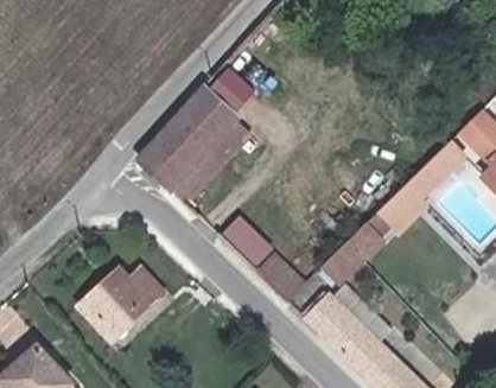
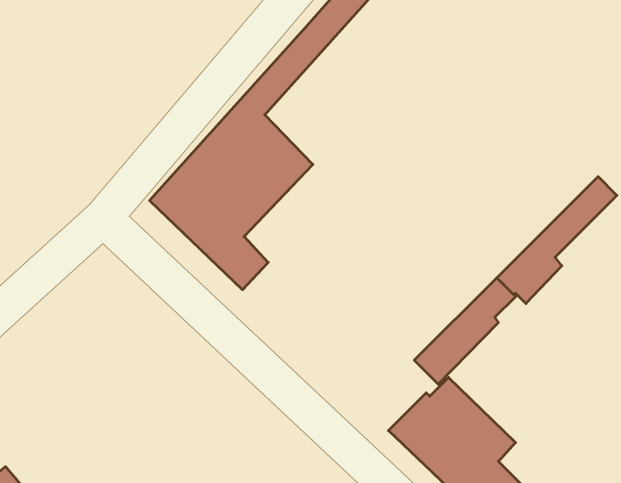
building: [216,212,305,298] -> none
building: [82,268,166,341] -> none

